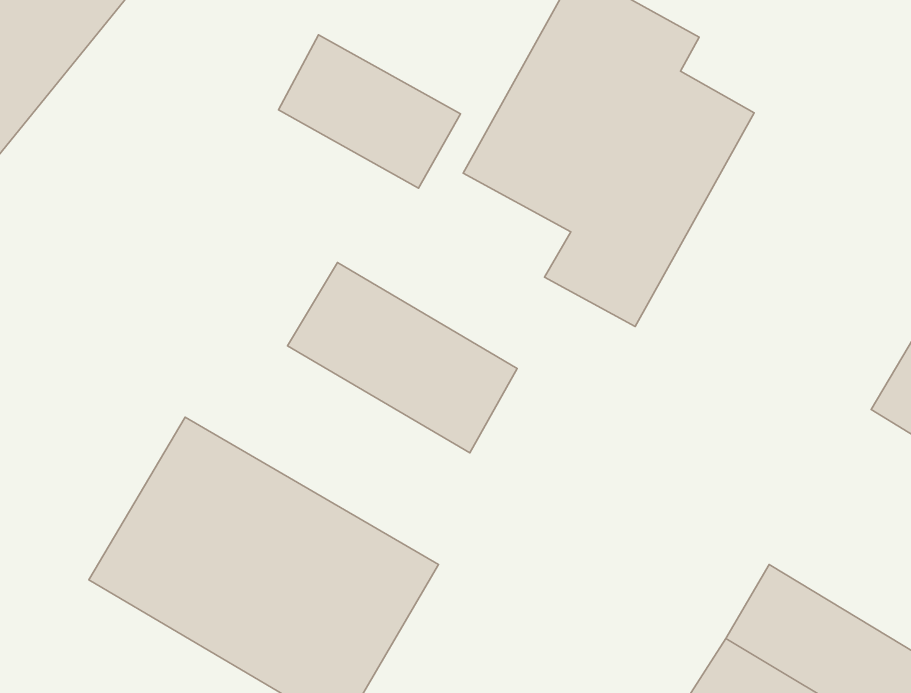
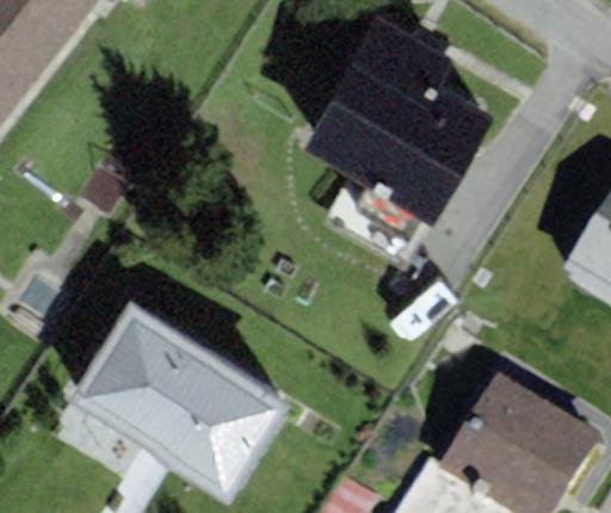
building: [279,35,461,188] -> none
building: [287,262,517,453] -> none

